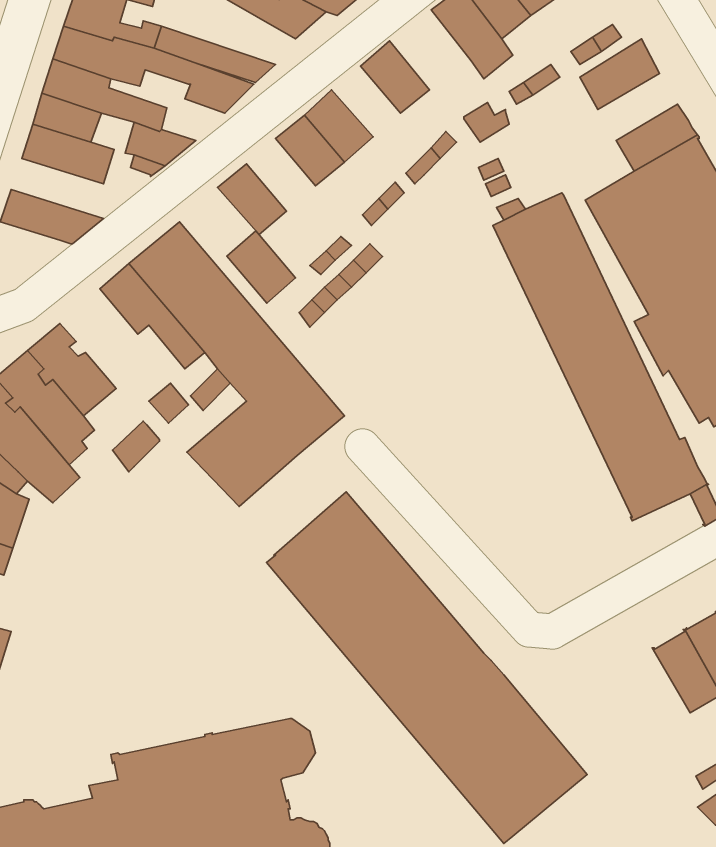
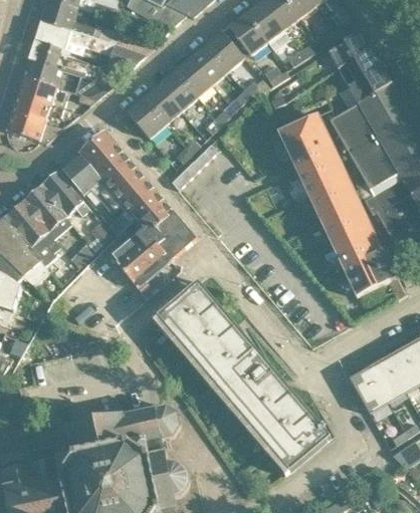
building: none -> [227,13,266,54]
building: none -> [189,44,227,83]
building: none -> [337,48,381,85]
building: none -> [11,95,70,129]
building: [227,231,296,303] -> [142,84,180,124]
building: none -> [38,171,88,217]
building: none -> [348,366,388,414]

